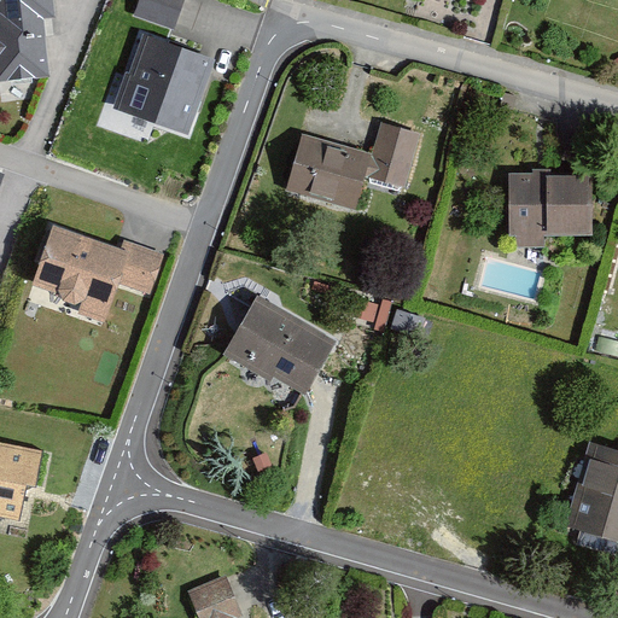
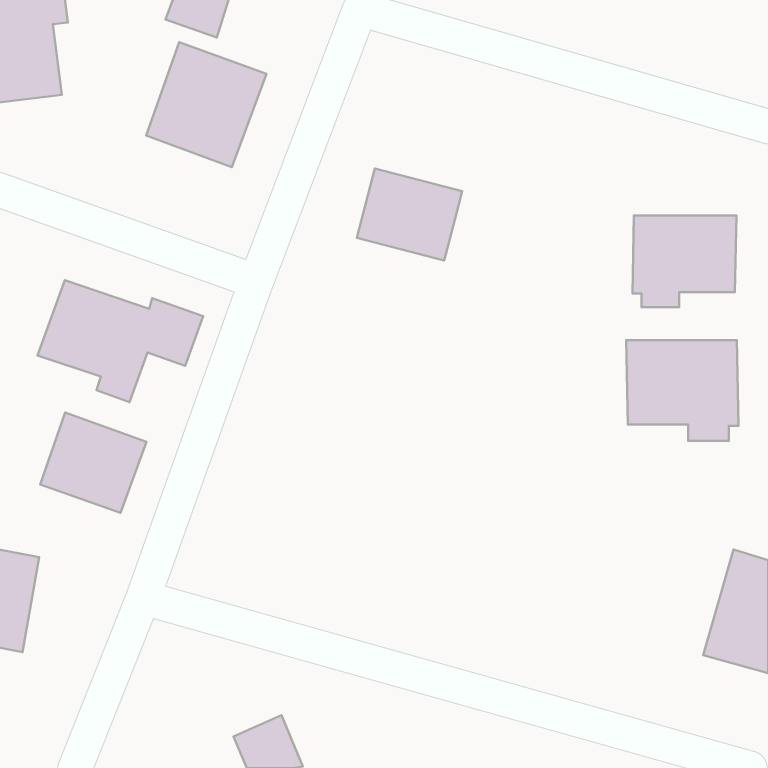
building: [365,123,419,187] -> none
building: none -> [626,340,738,441]
building: [226,299,333,396] -> none
building: none -> [40,413,147,513]

